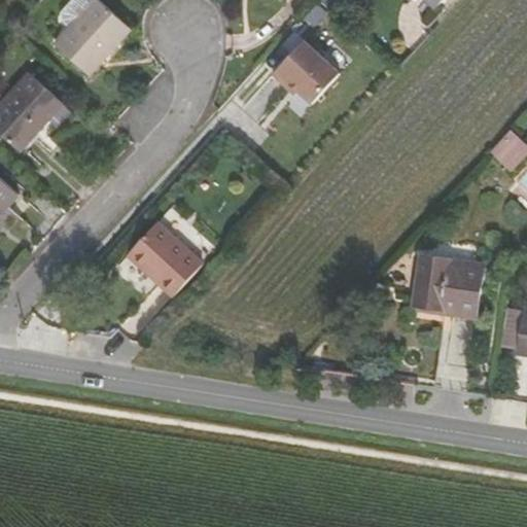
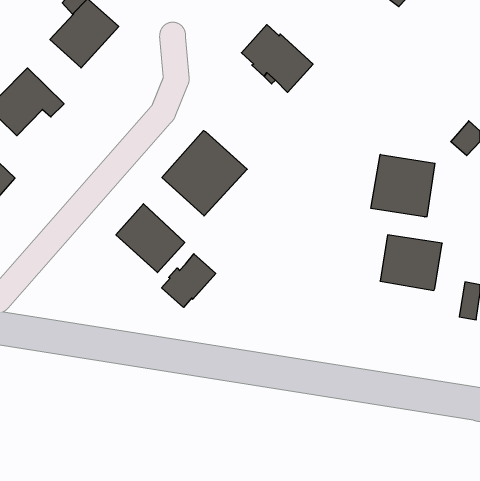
building: none -> [162,131,247,216]
building: none -> [371,154,435,217]
building: none -> [162,254,216,307]

